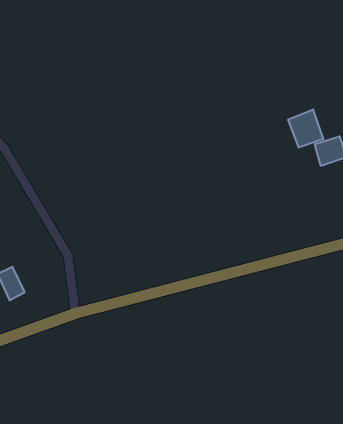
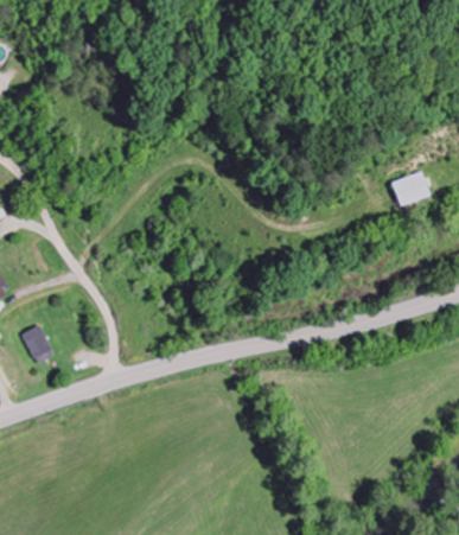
building: [288,109,323,148] -> none

